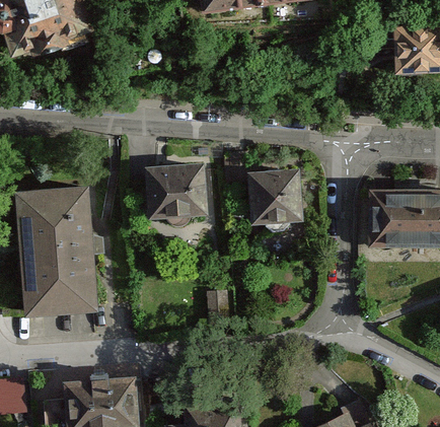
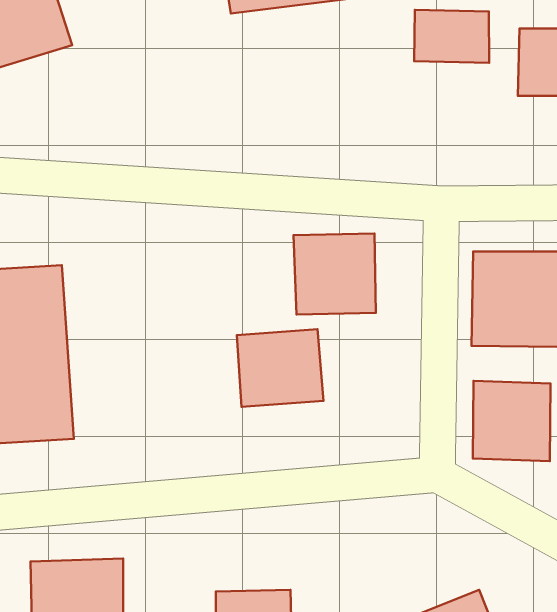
building: none -> [414,10,489,63]
building: [148,164,207,217] -> [237,329,324,407]
building: none -> [473,381,550,461]

